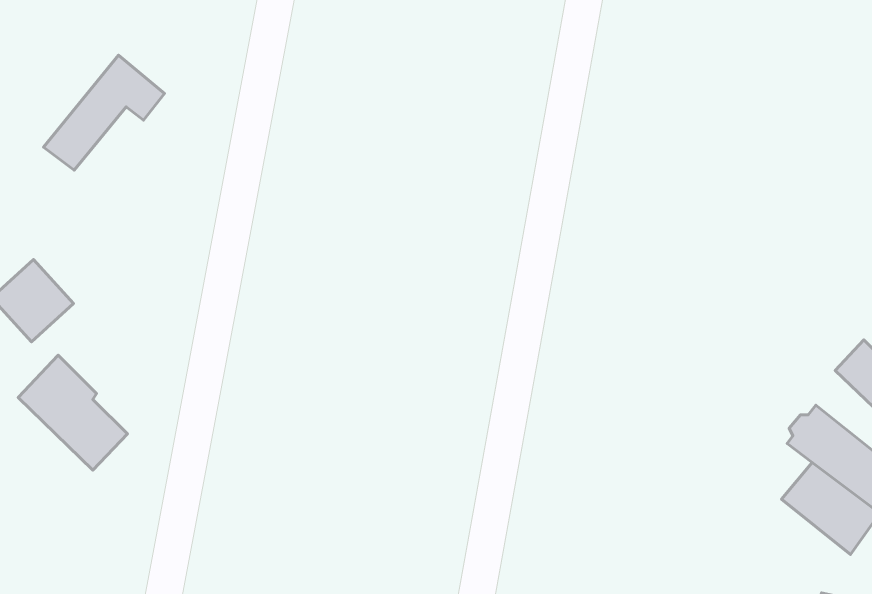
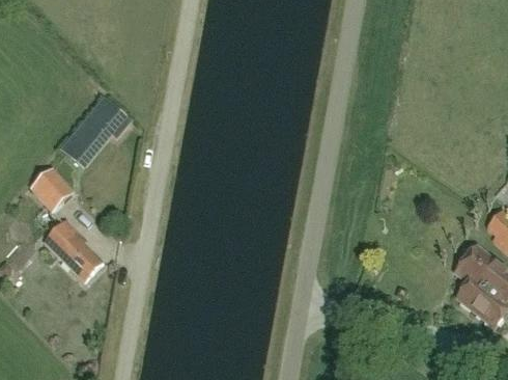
building: [44,55,164,170] -> [63,99,129,161]

